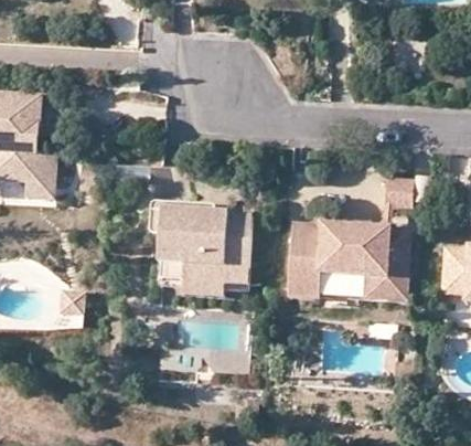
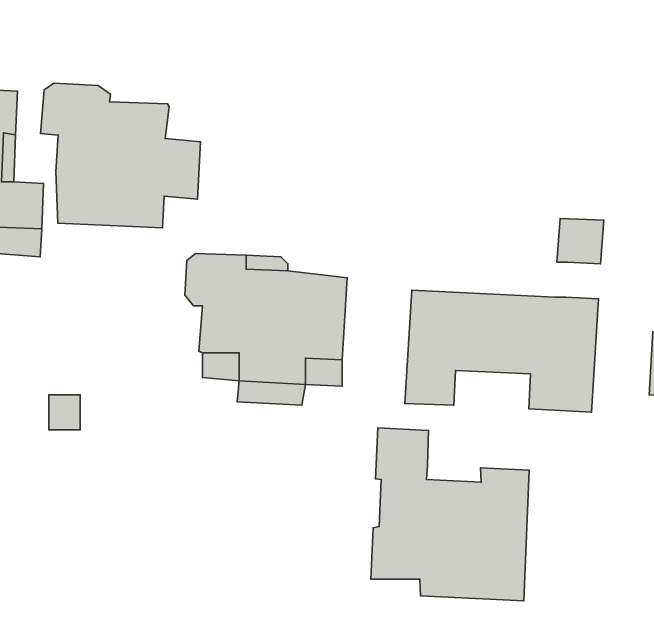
building: none -> [41,83,200,228]
building: none -> [371,428,529,601]

